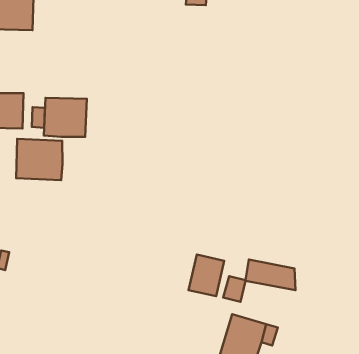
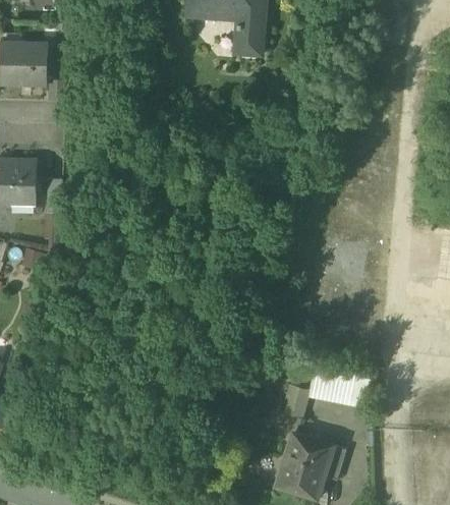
building: [44,98,87,137] -> none
building: [16,139,62,180] -> none
building: [188,254,224,296] -> none

